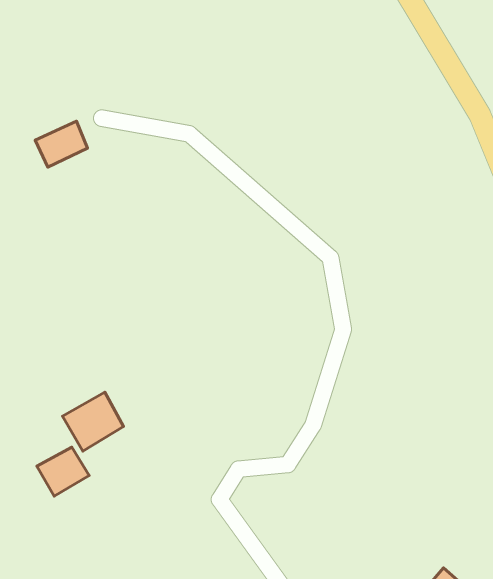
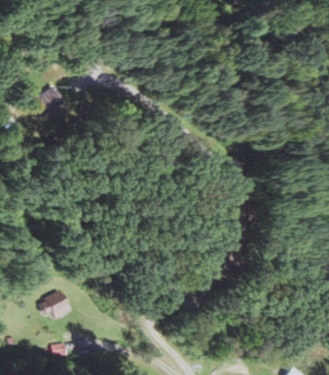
building: [62,392,123,451] -> none

